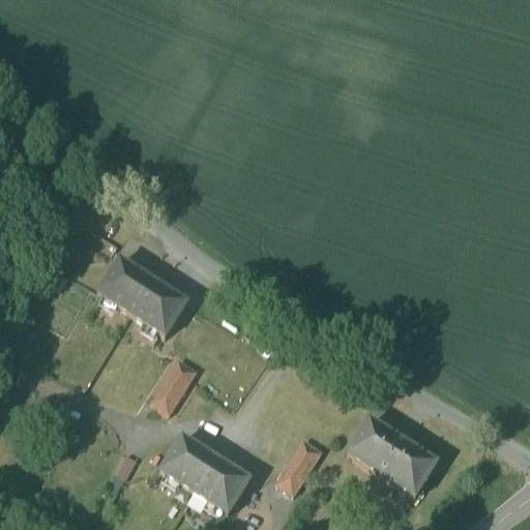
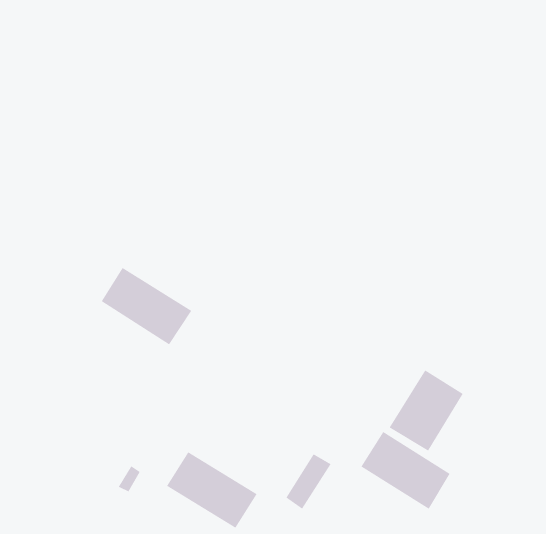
building: [150,356,197,412] -> none
building: none -> [389,369,464,452]

